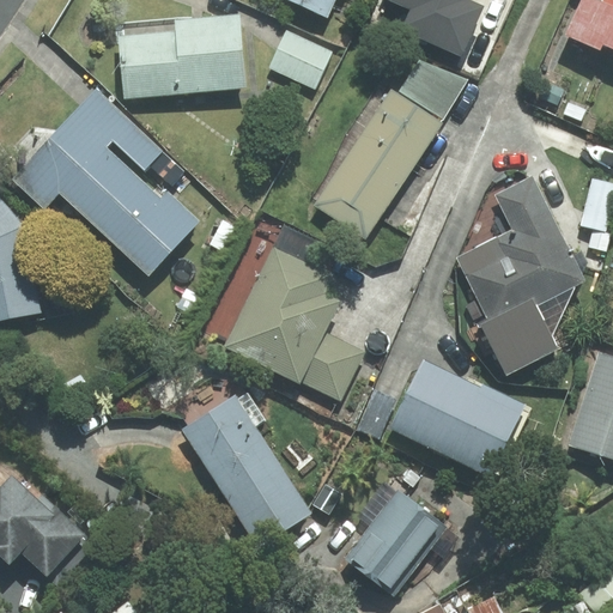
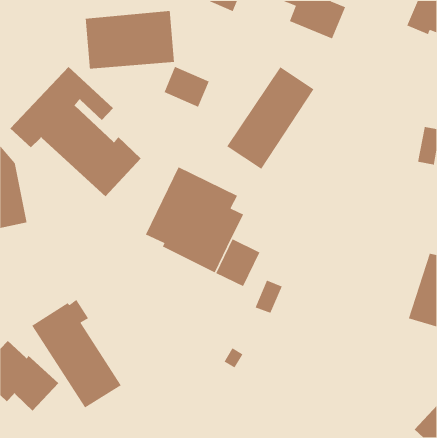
building: [268,31,333,90] -> [163,66,210,108]
building: [399,61,465,117] -> none
building: [459,176,583,372] -> none
building: [392,363,527,478] -> none
building: [182,393,309,546] -> [31,299,122,409]
building: [346,484,445,595] -> none

